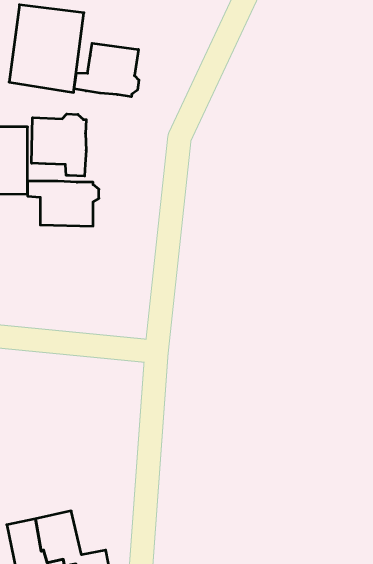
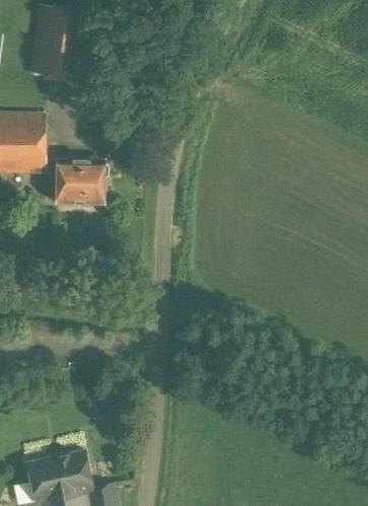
building: [74,43,139,97] -> none
building: [32,114,86,176] -> none

